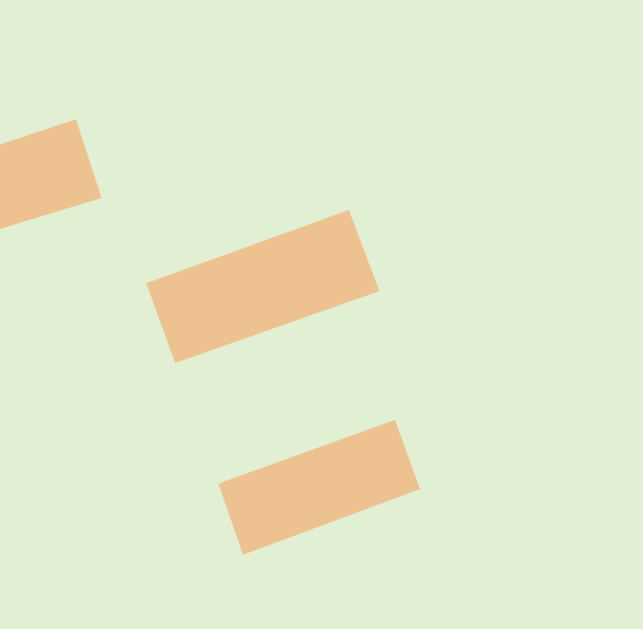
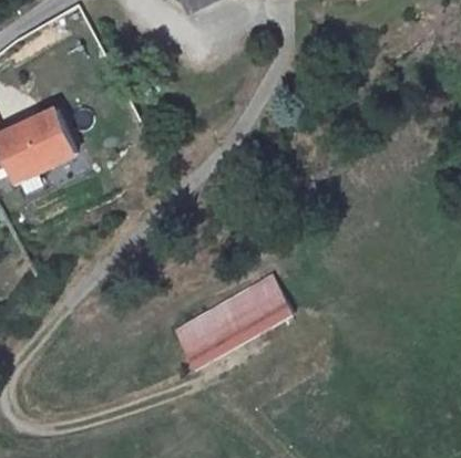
building: [145,209,380,364] -> none

